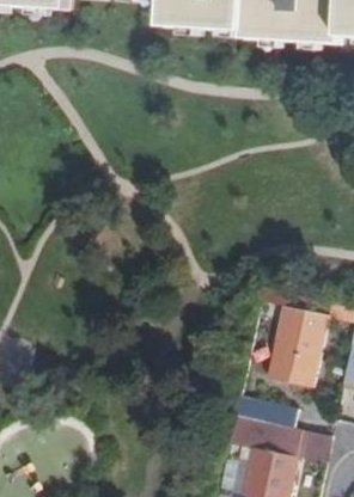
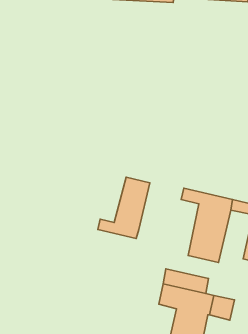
building: none -> [98,177,150,239]

